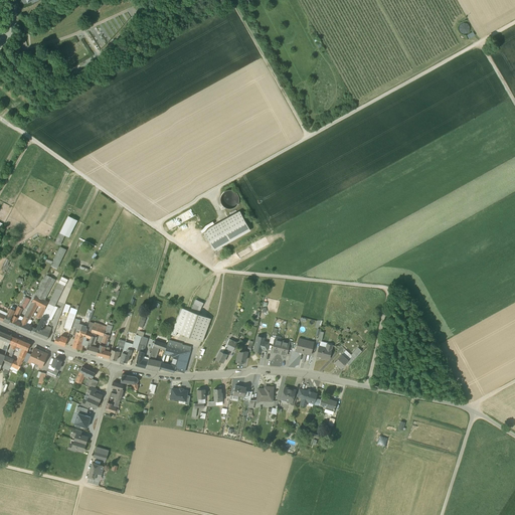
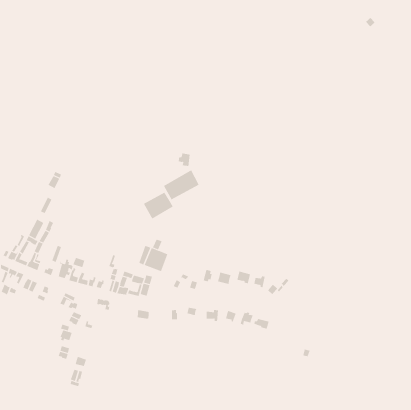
building: none -> [143,192,173,220]

